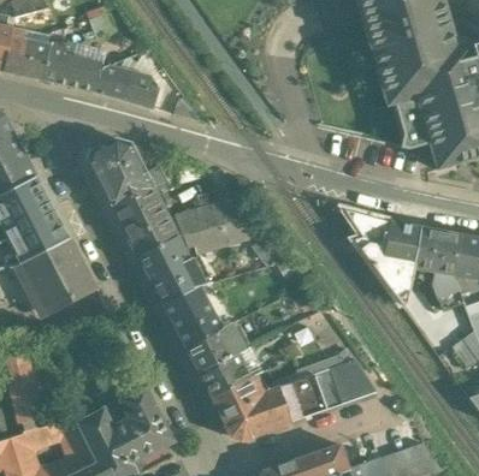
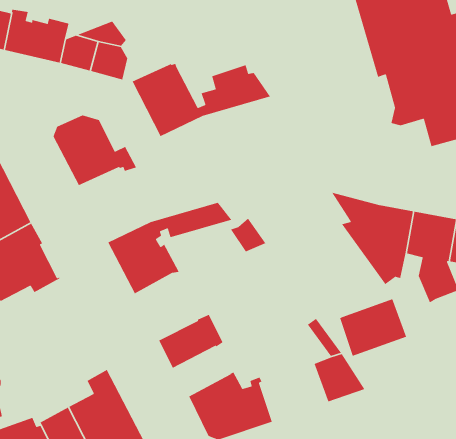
building: [112,188,241,256] -> [131,63,271,137]
building: [164,280,221,346] -> none
building: [199,352,252,398] -> none
building: [279,368,342,422] -> [339,298,407,357]

